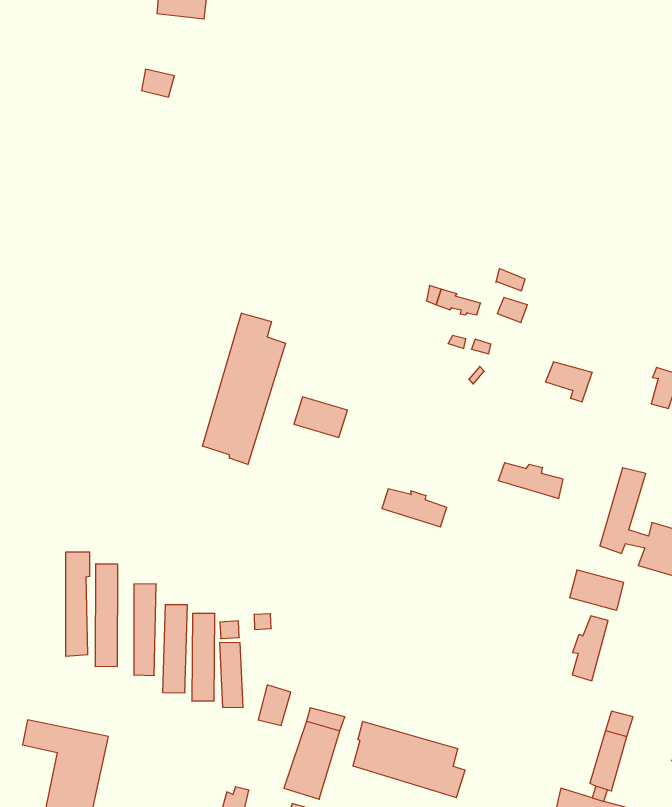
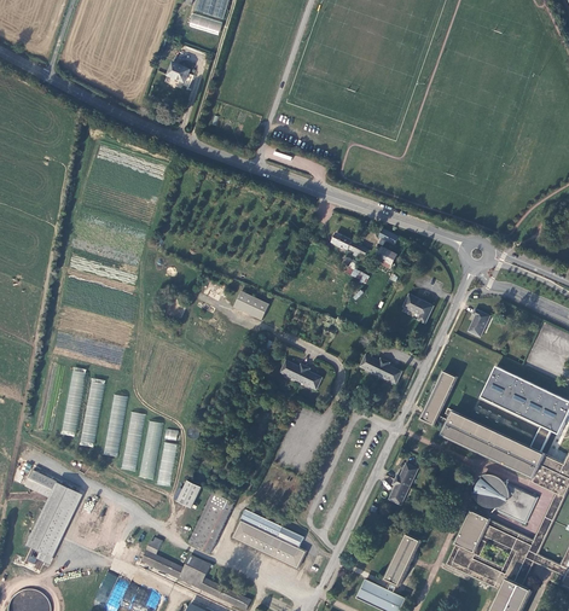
building: [202,313,286,465] -> none
building: [570,570,624,610] -> none

